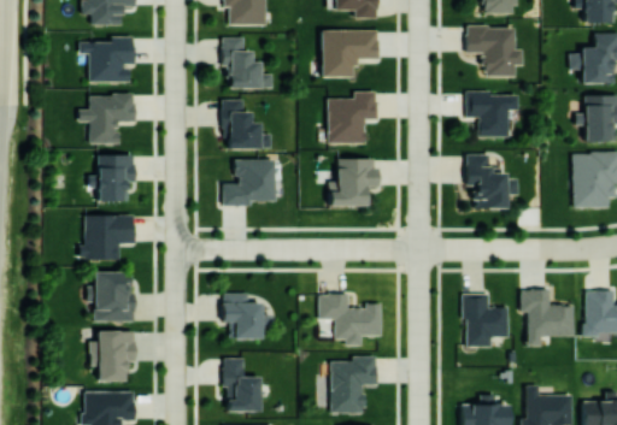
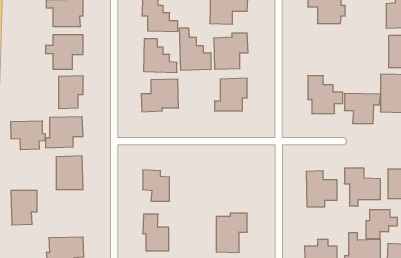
building: none -> [179,28,211,70]
building: [466,93,519,137] -> [344,93,380,124]
building: none -> [11,121,45,150]
building: [319,294,382,346] -> none
building: [98,331,136,382] -> [11,191,37,225]
building: none -> [366,209,397,239]

